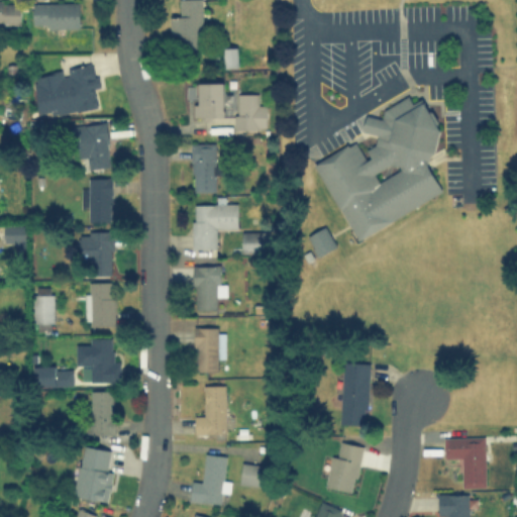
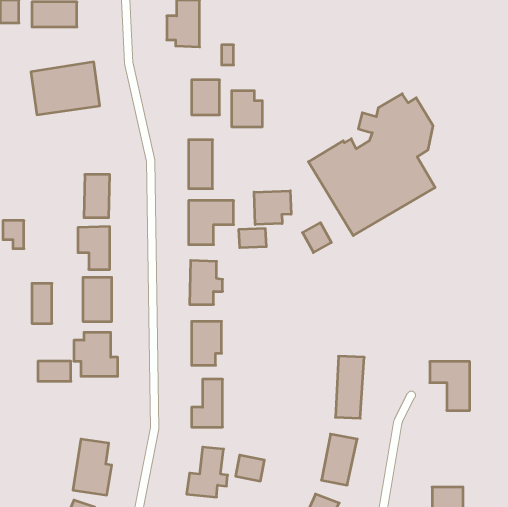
building: [77,125,111,171] -> none
building: none -> [254,191,291,225]
building: [91,393,115,436] -> none
building: [445,439,486,489] -> [430,362,470,410]

